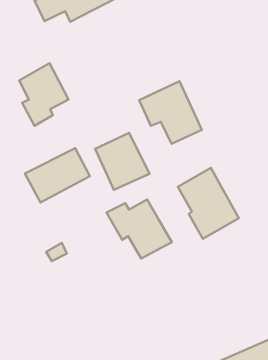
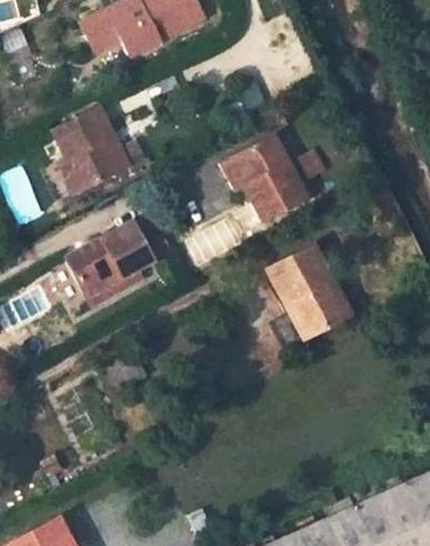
building: [95,133,149,190] -> none
building: [106,199,172,259] -> none

